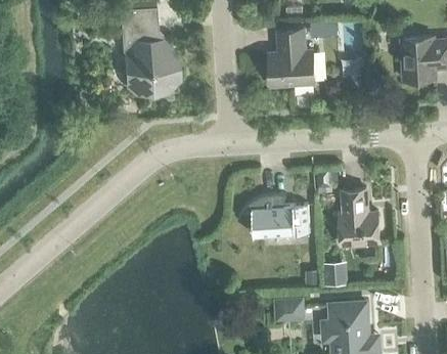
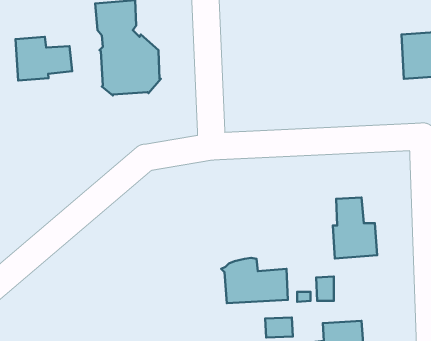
building: [269,29,314,86] -> none
building: none -> [15,37,72,81]
building: [248,194,309,236] -> [221,258,288,303]

